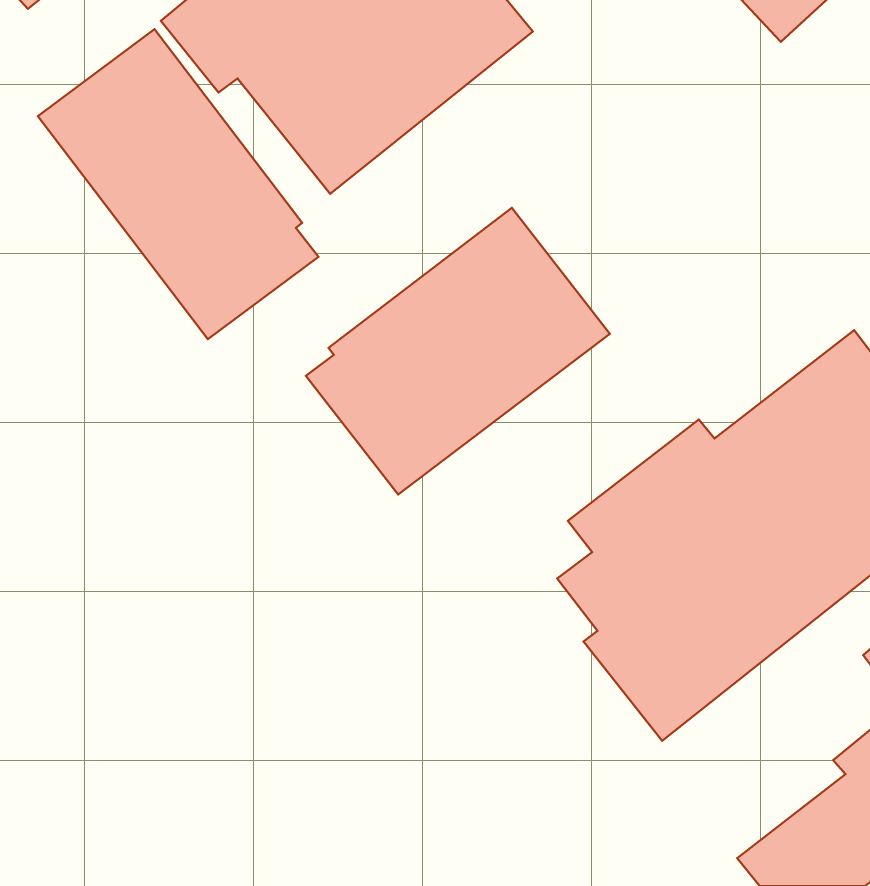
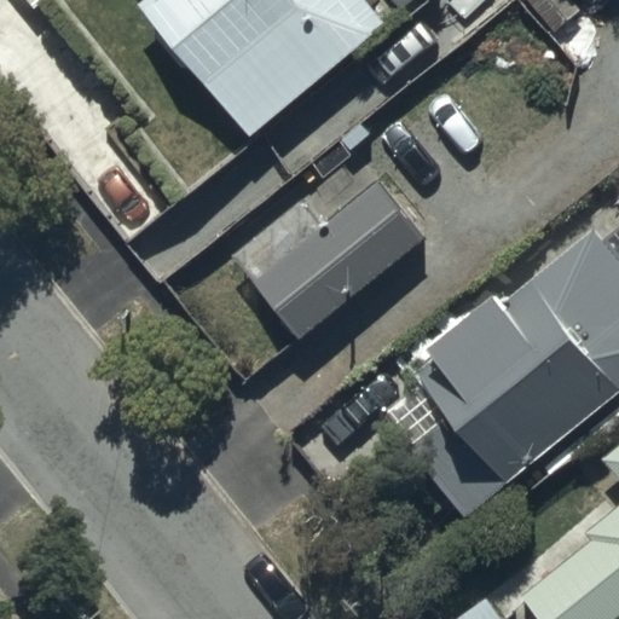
building: [38,29,318,339] -> none

